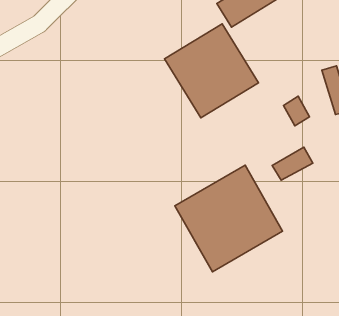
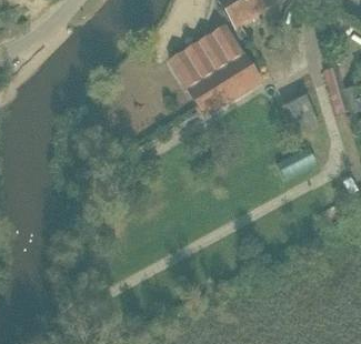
building: [175,165,283,272] -> none

